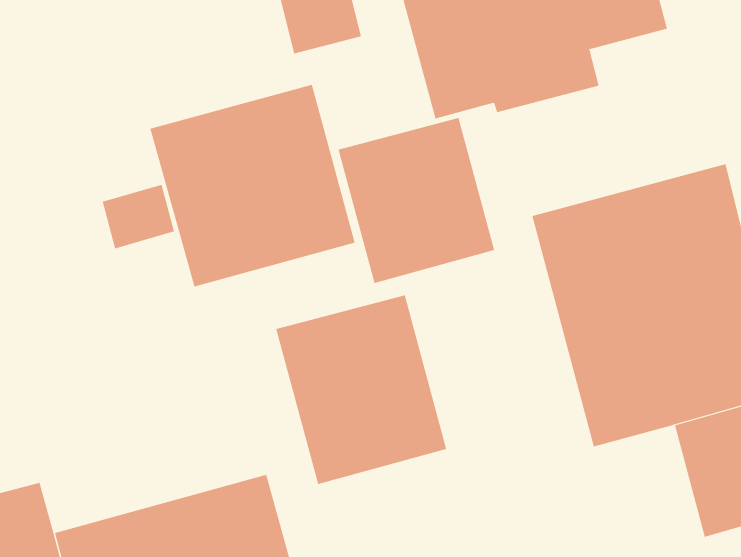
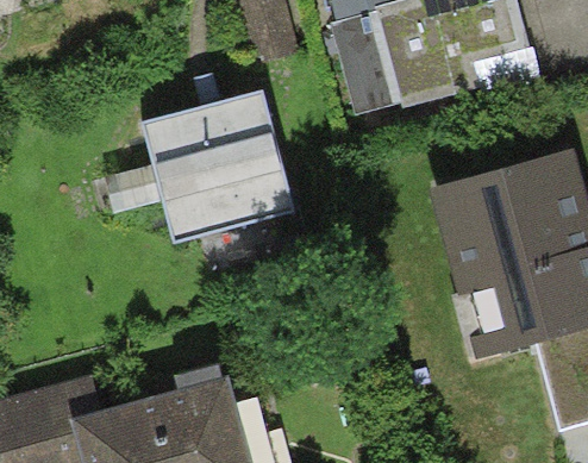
building: [338,117,495,284] -> none
building: [275,295,447,485] -> none

